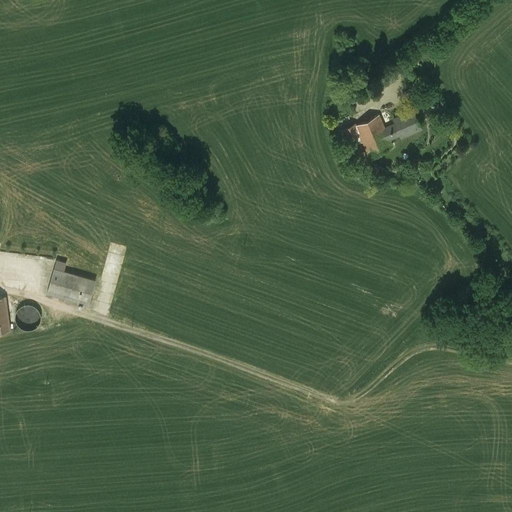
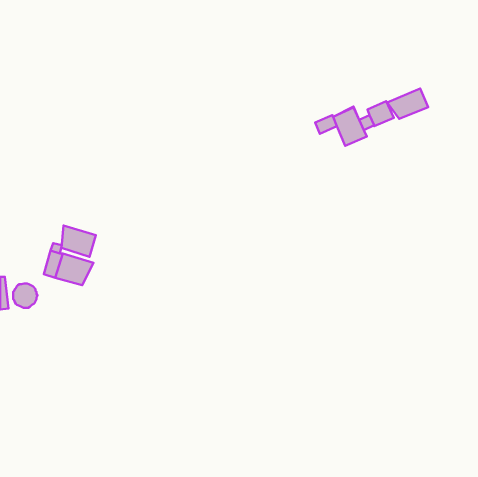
building: none -> [387,88,428,119]
building: none -> [61,225,96,257]

